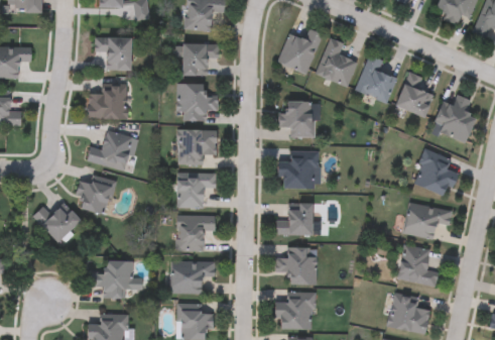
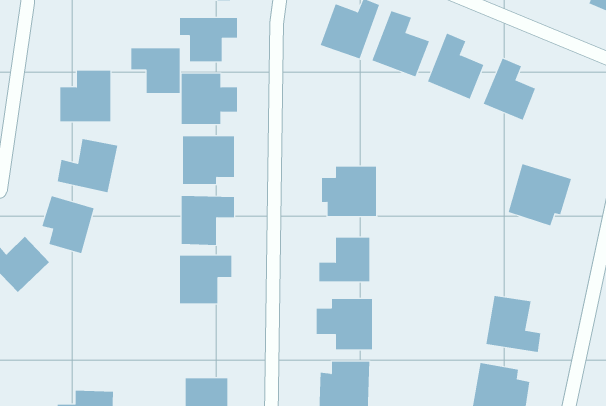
building: [95,37,131,71] -> [130,48,181,94]
building: [431,95,476,143] -> none
building: [278,101,313,137] -> none
building: [403,202,452,239] -> none
building: [91,260,141,299] -> none
building: [171,261,215,295] -> none

